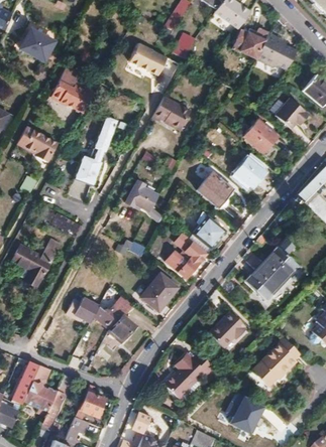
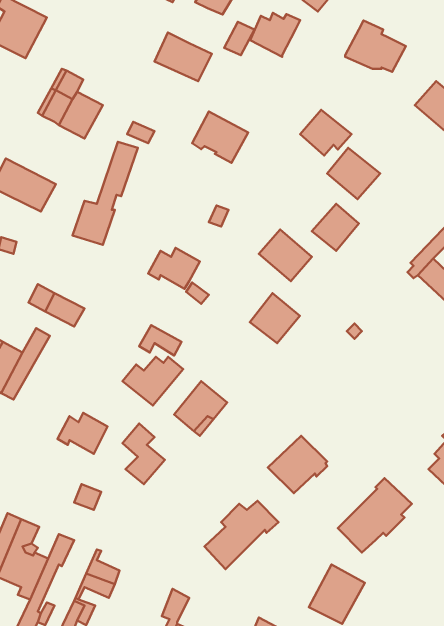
building: [234,29,267,58] -> [250,13,300,57]
building: [271,97,306,127] -> [300,110,352,155]
building: [241,236,298,300] -> none
building: [167,246,207,278] -> [123,357,183,405]

